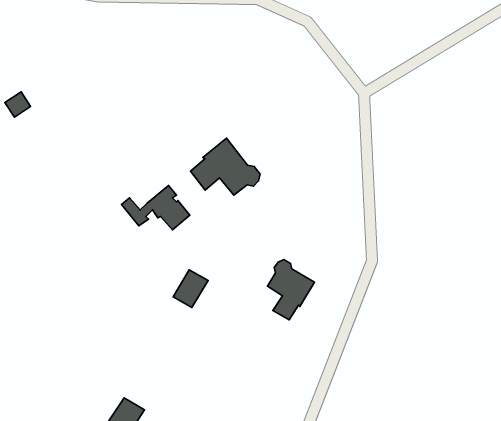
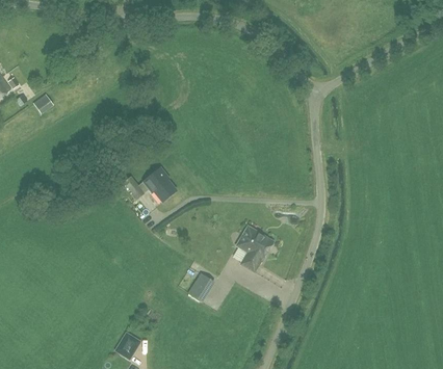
building: [190,138,260,195] -> none
building: [173,270,208,308] -> [187,272,214,301]

